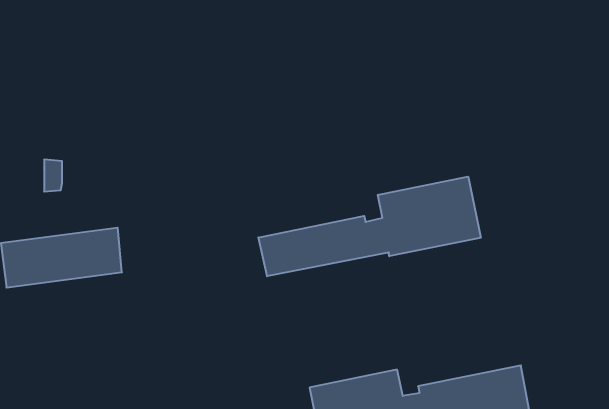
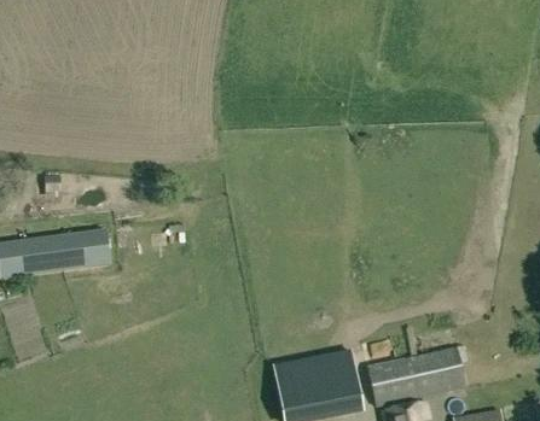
building: [258,177,481,276] -> none

